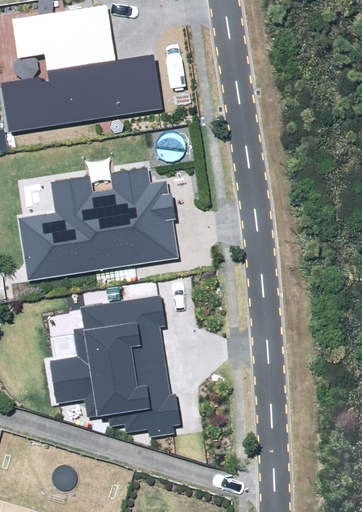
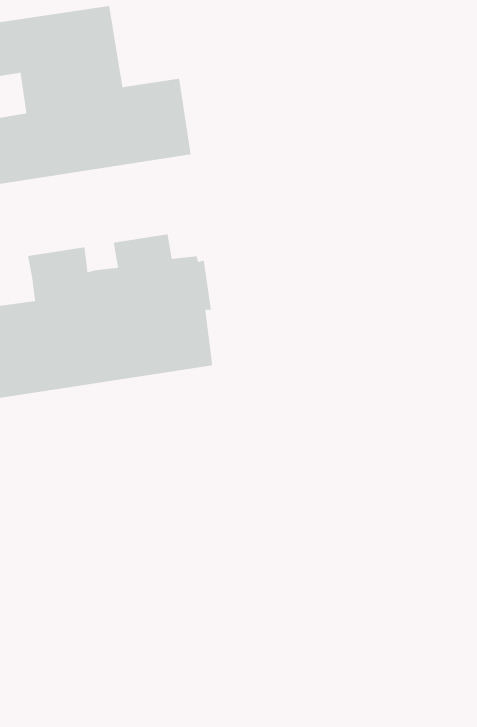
building: [50,296,180,437] -> none

